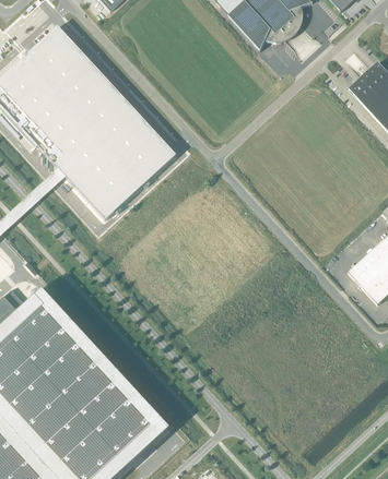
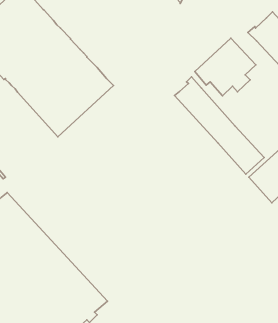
building: none -> [195,38,256,96]
building: none -> [174,77,264,174]

